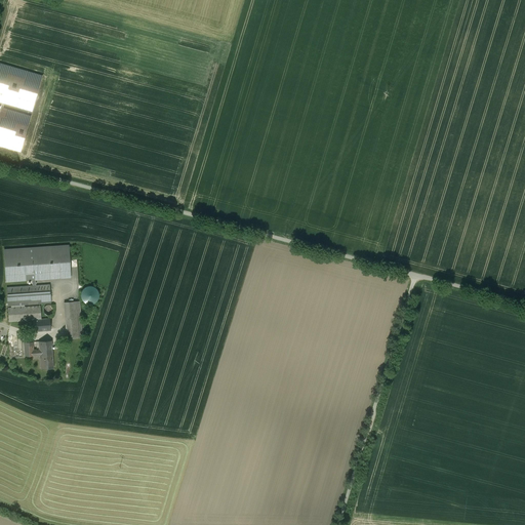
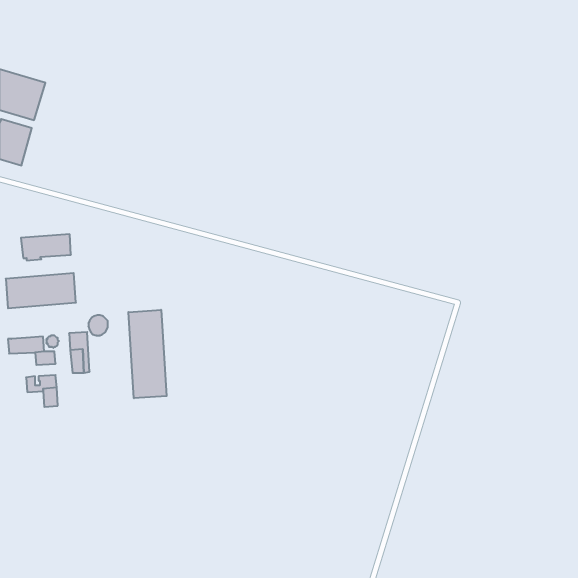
building: none -> [128,310,167,398]
building: [5,283,50,307] -> [21,234,71,260]

